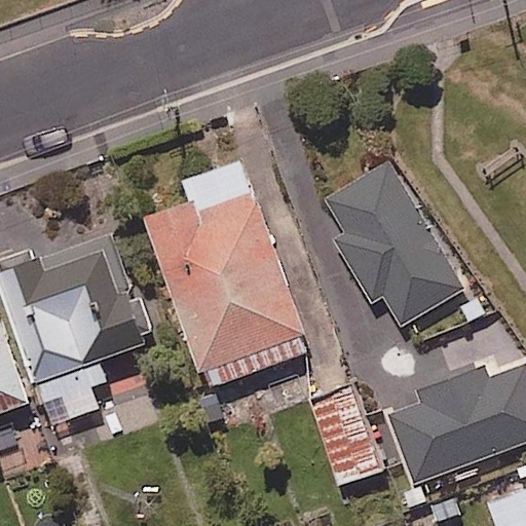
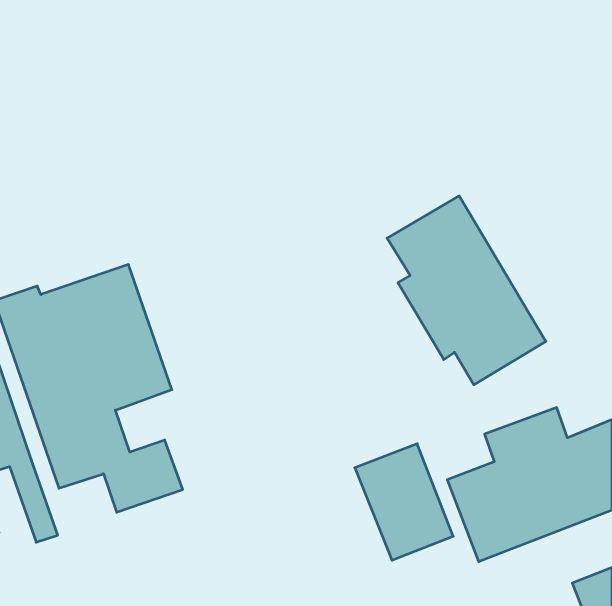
building: [143,160,309,387] -> none

